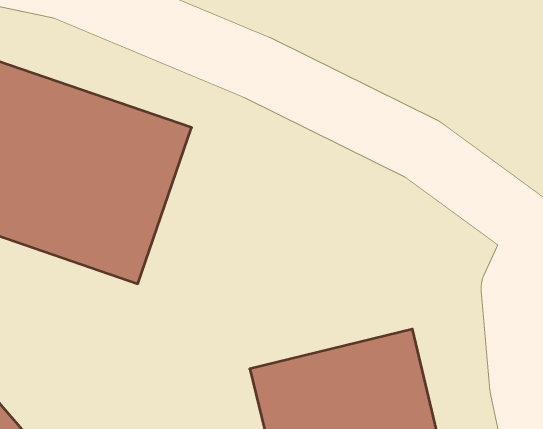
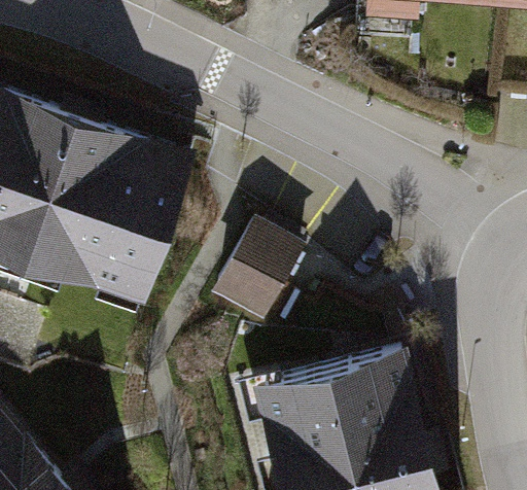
building: none -> [220,208,312,310]

